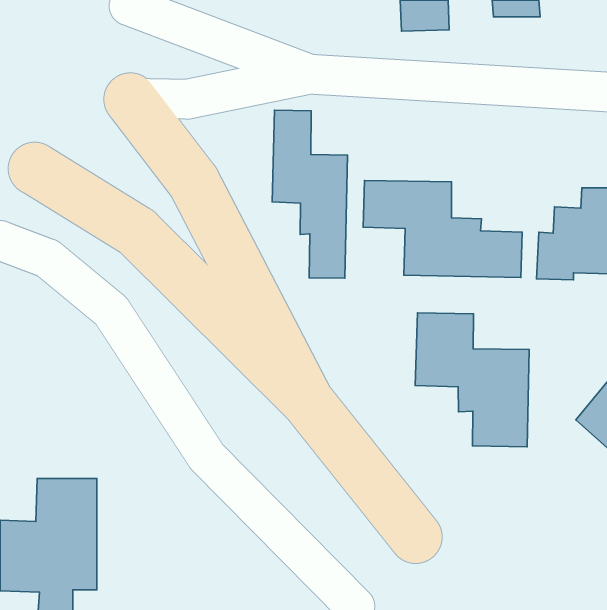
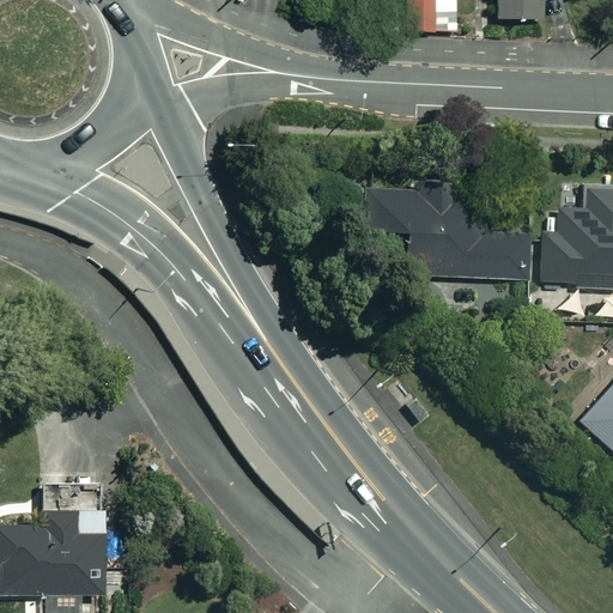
building: [272,110,347,278] -> none
building: [415,313,529,447] -> none

